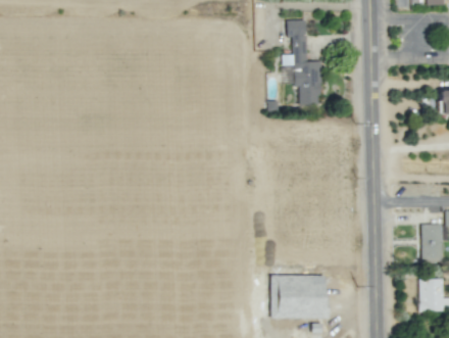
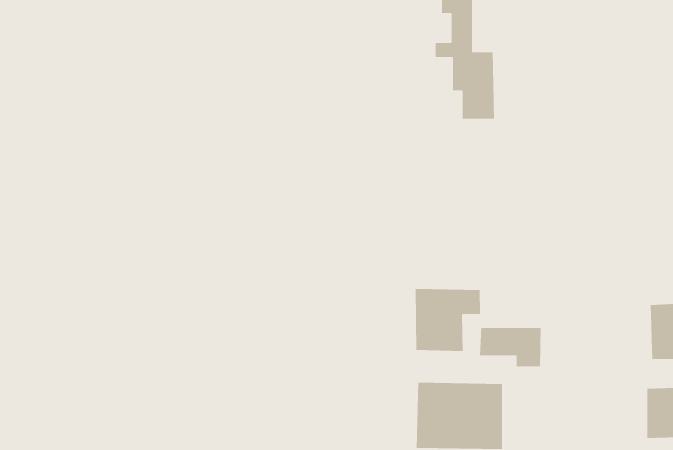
building: none -> [415,288,481,352]
building: none -> [479,327,542,367]

